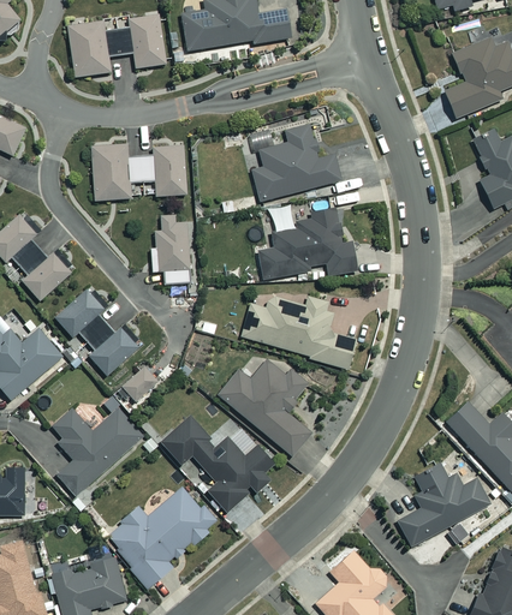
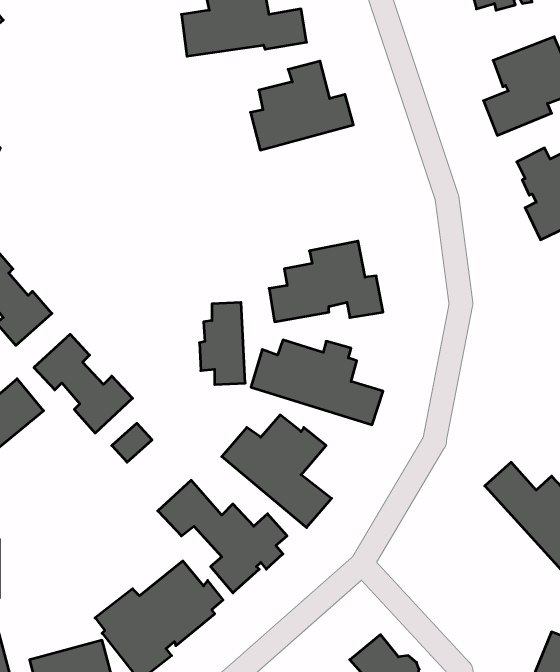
building: [67,13,166,77] -> none
building: [252,125,341,202] -> [250,61,353,150]
building: [91,143,187,199] -> none
building: [150,214,190,285] -> [199,302,245,385]
building: [53,407,143,495] -> none
building: [397,462,489,545] -> none

